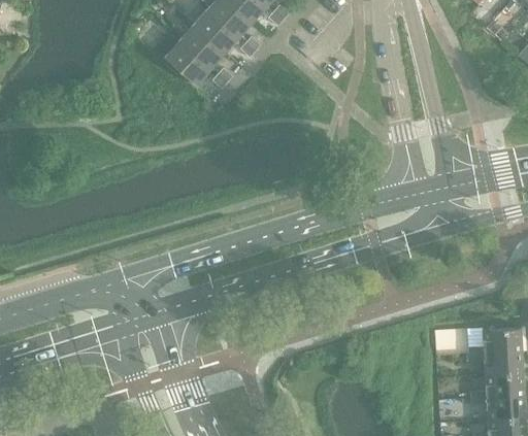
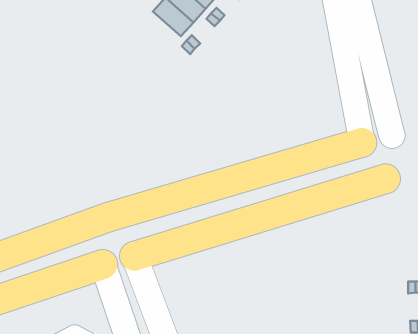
building: [164,40,210,85] -> none

